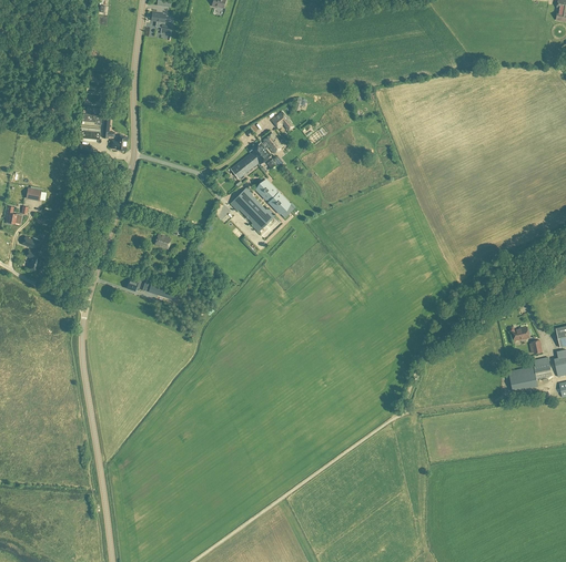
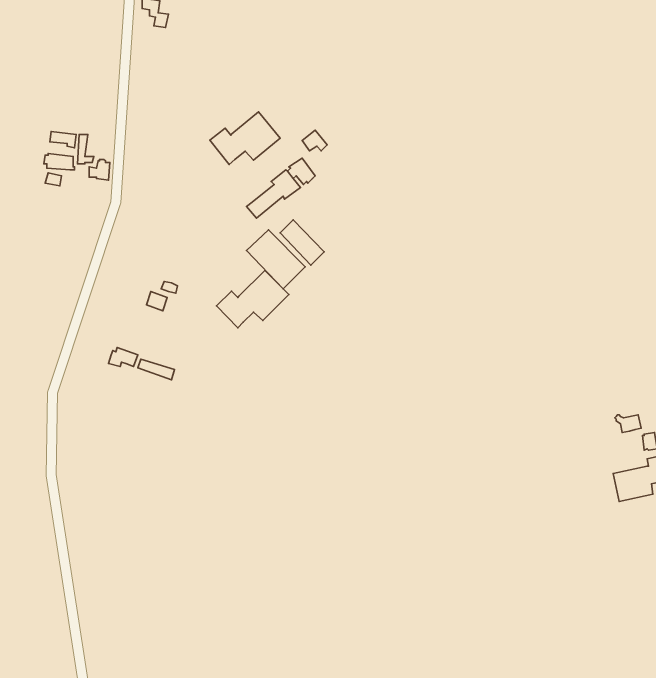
building: none -> [210,112,280,164]
building: none -> [217,270,289,328]

